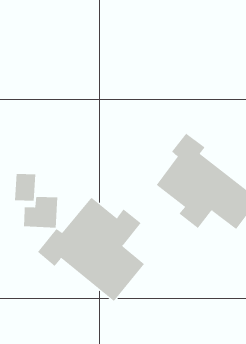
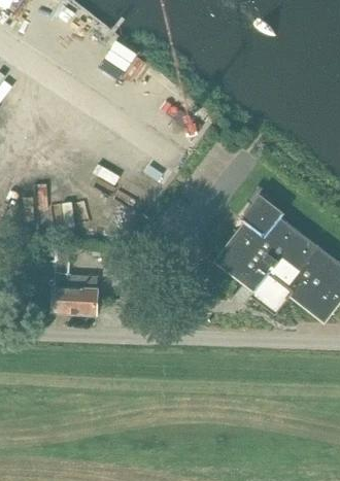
building: [37,197,145,302] -> none

